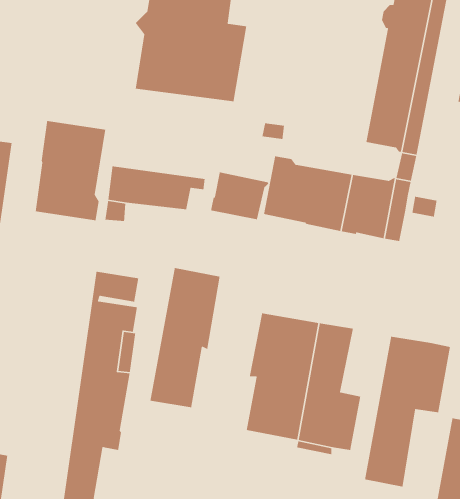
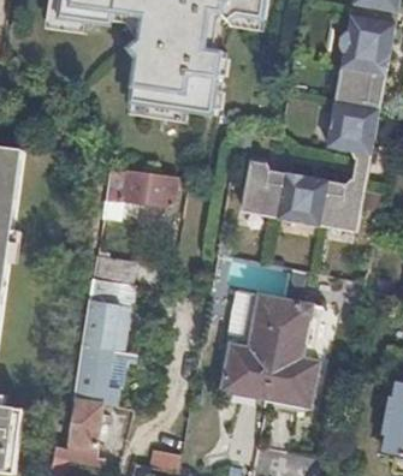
building: [35,120,106,221] -> none
building: [210,171,269,220] -> none
building: [150,267,221,408] -> none
building: [364,336,451,488] -> none

